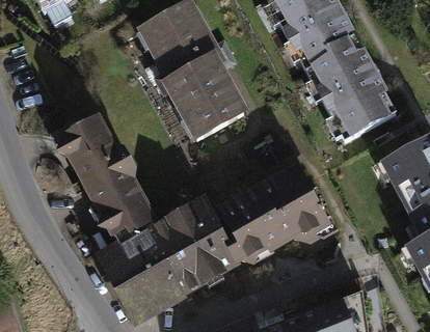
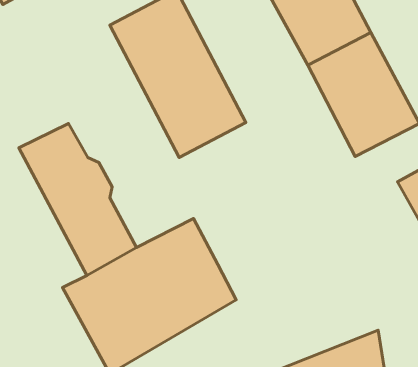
building: [217,161,338,264] -> none

